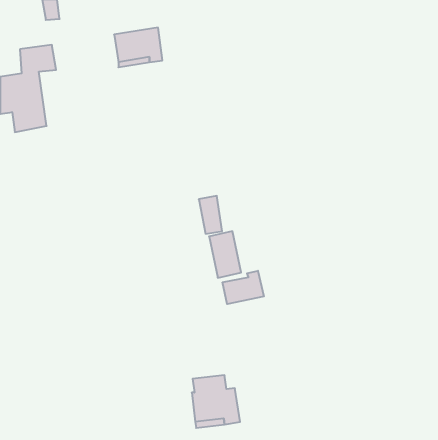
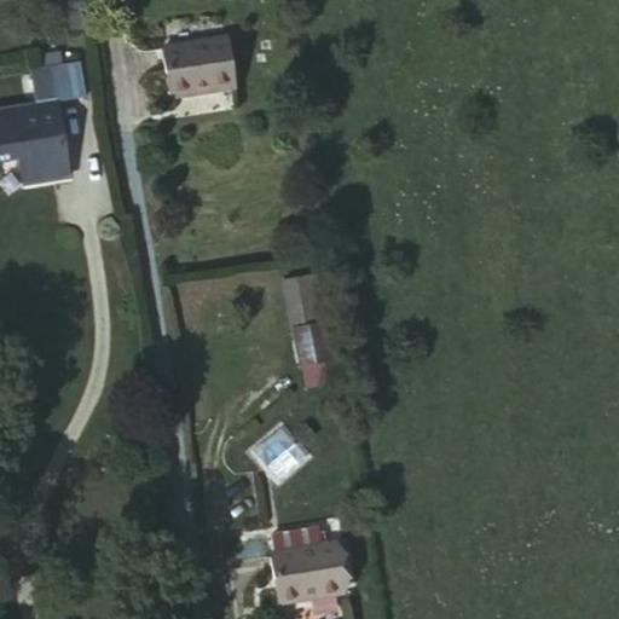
building: [223,271,264,304] -> none

